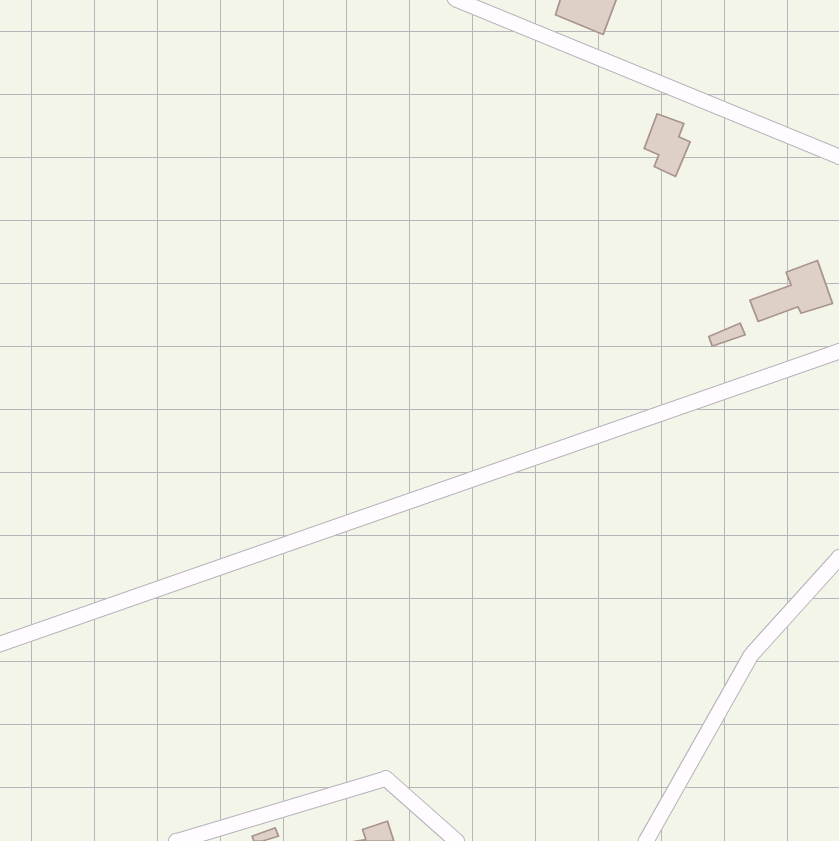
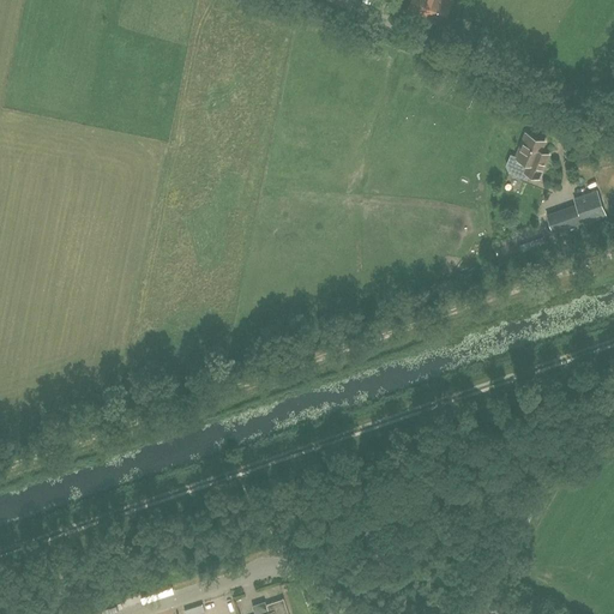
building: [644,114,690,176] -> [513,132,547,177]

